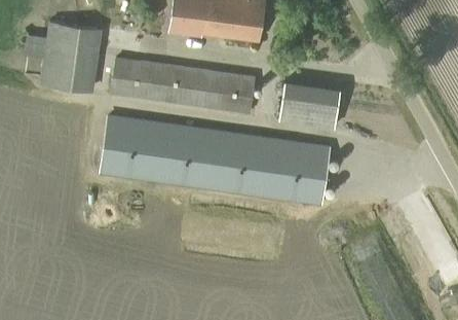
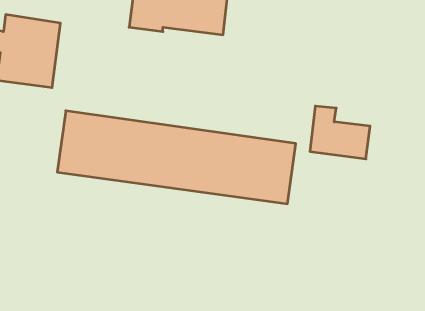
building: [111,58,254,113] -> none
building: [287,75,345,127] -> [310,106,370,159]

